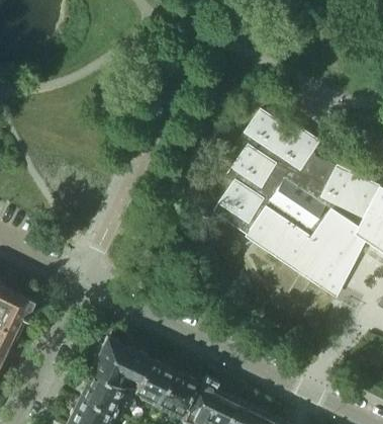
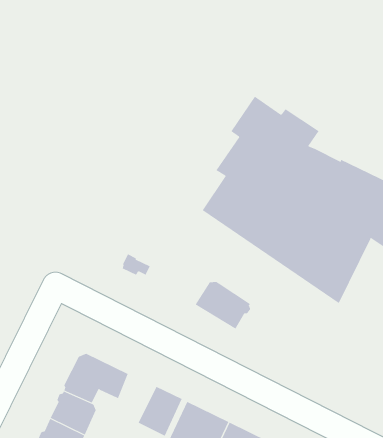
building: none -> [195,281,251,330]
building: [136,359,175,403] -> none

